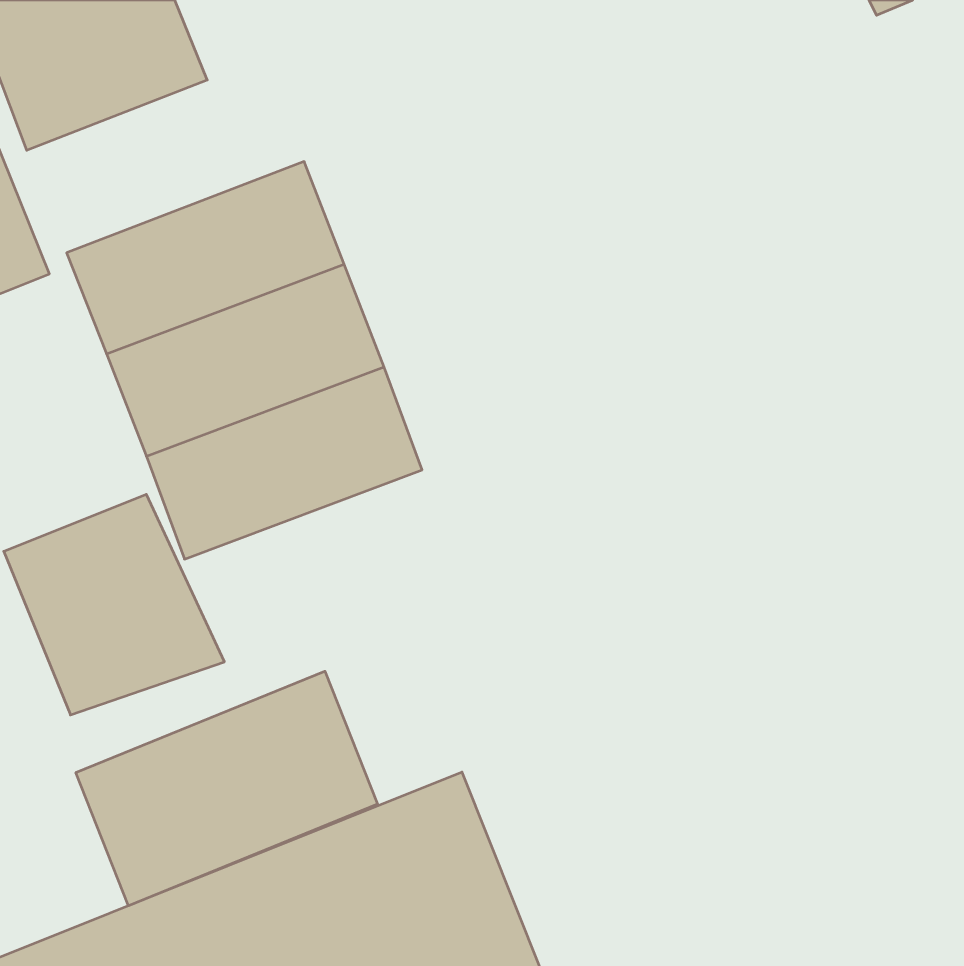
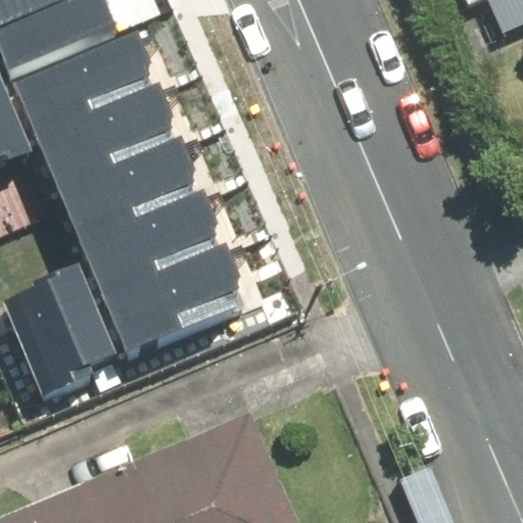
building: none -> [14,35,163,139]
building: none -> [99,255,248,359]
building: [76,671,378,906] -> none

